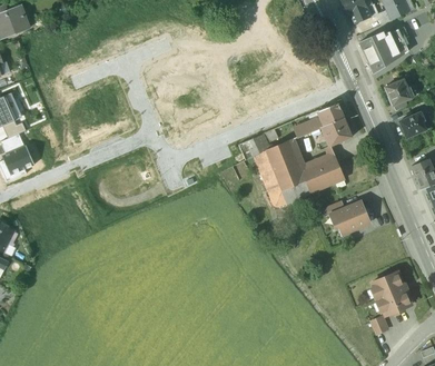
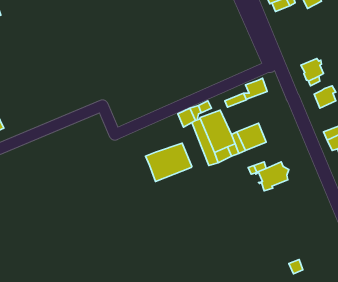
building: [358,28,408,72] -> none
building: [320,117,352,145] -> none
building: none -> [146,143,192,181]
building: [369,270,409,314] -> none

